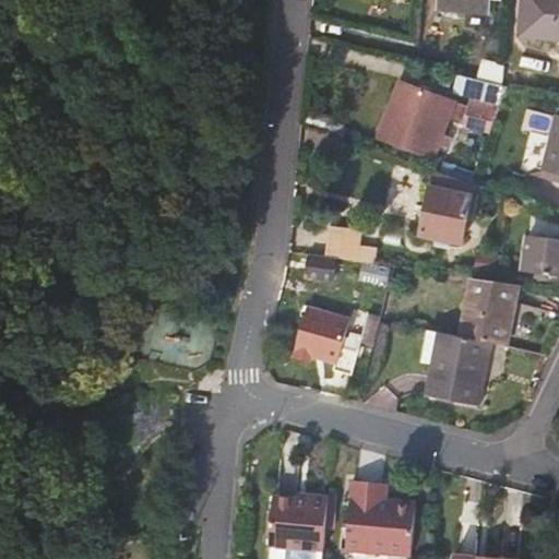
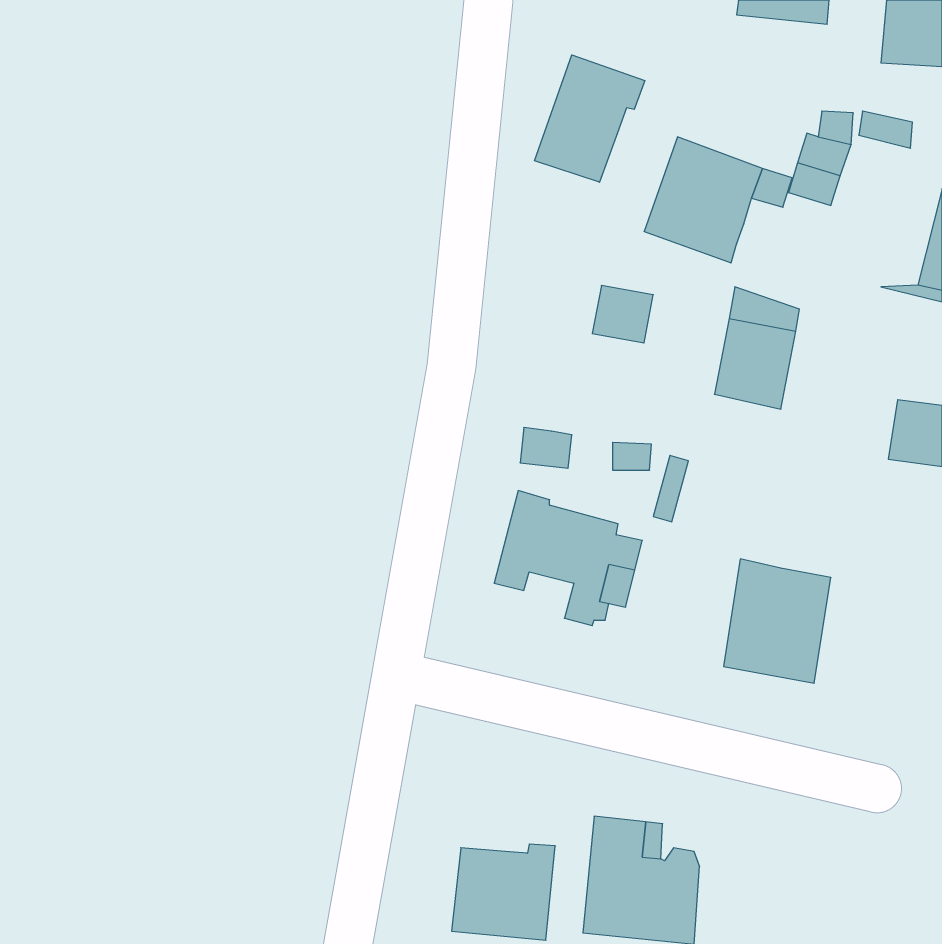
building: none -> [534,55,645,182]
building: [325,227,361,261] -> [592,285,653,343]
building: [461,277,519,346] -> none

